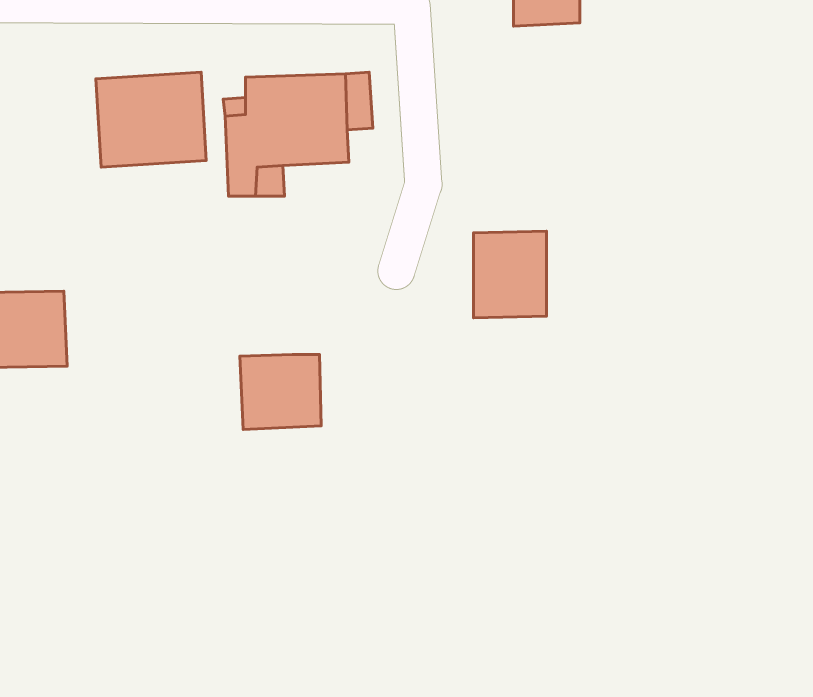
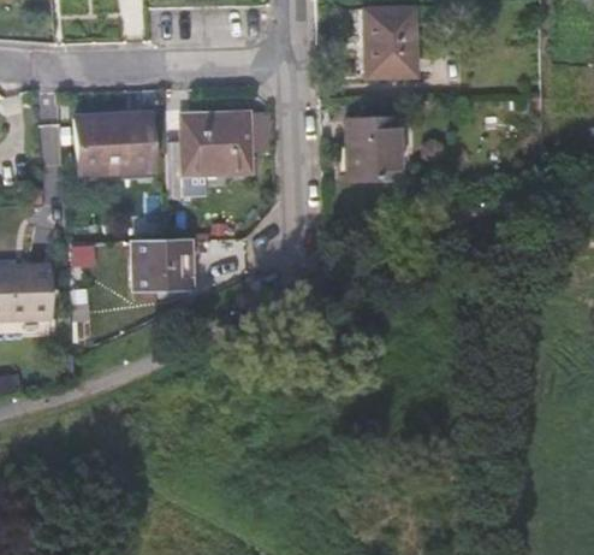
building: [473,231,546,318] -> [348,117,399,178]
building: [240,355,321,429] -> [133,238,191,291]

